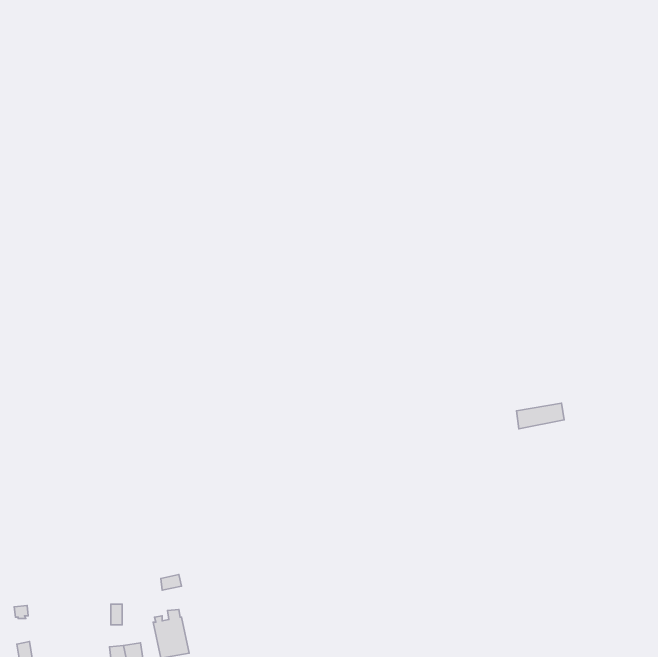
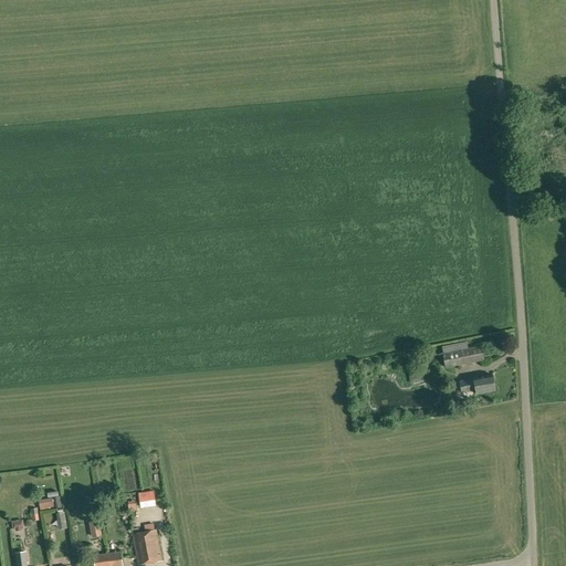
building: none -> [459,376,495,395]

